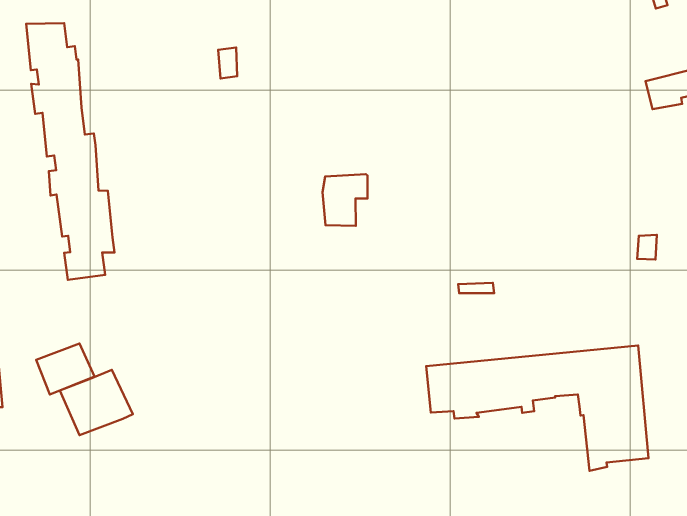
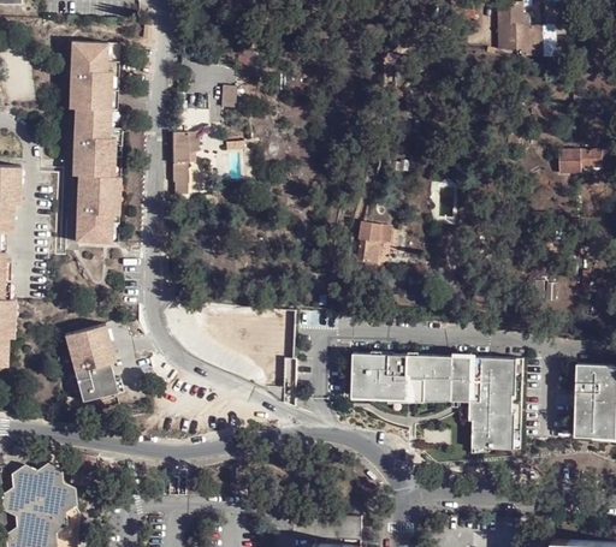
building: none -> [171,131,199,198]
building: [323,174,368,226] -> [357,221,396,263]
building: [36,343,95,395] -> [72,364,117,402]

